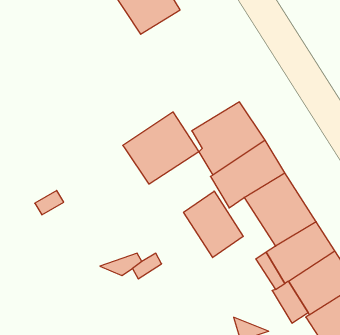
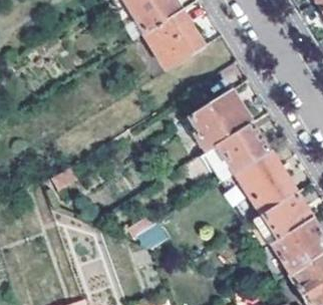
building: none -> [144,9,206,70]
building: [123,112,199,184] -> none
building: [184,191,243,258] -> none

